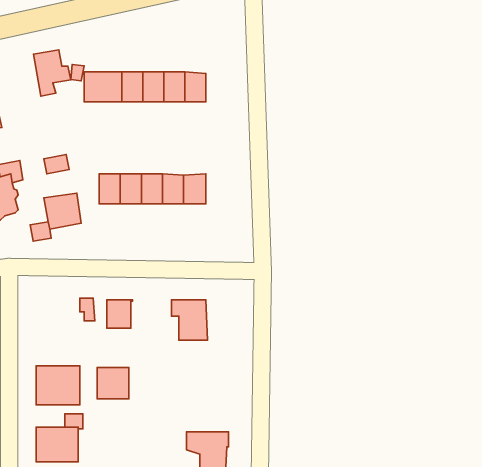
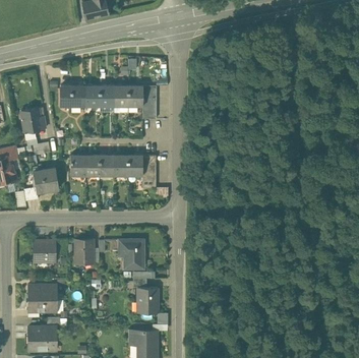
building: [33,50,71,96] -> [20,108,46,139]
building: [97,367,129,399] -> [34,240,55,261]
building: none -> [137,287,158,312]

